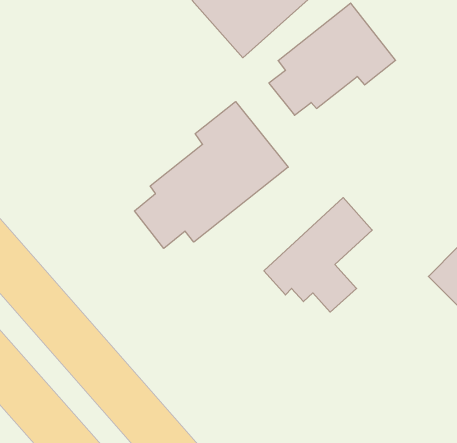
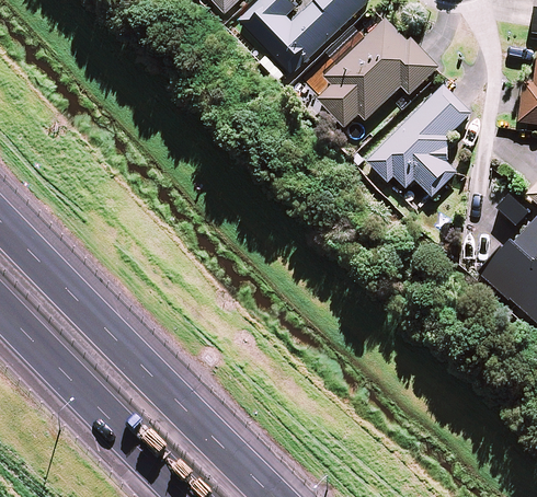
building: [134,102,288,248] -> none
building: [264,198,372,312] -> [366,84,468,195]

